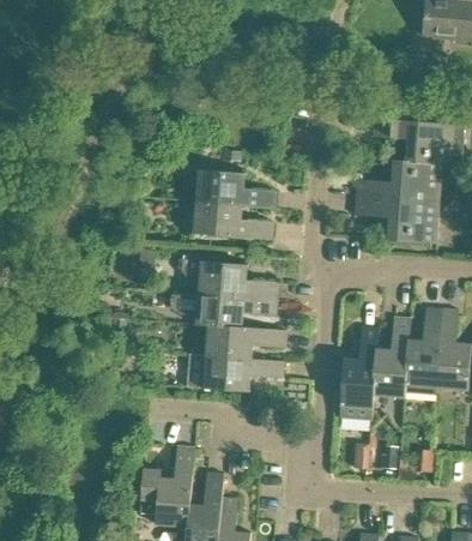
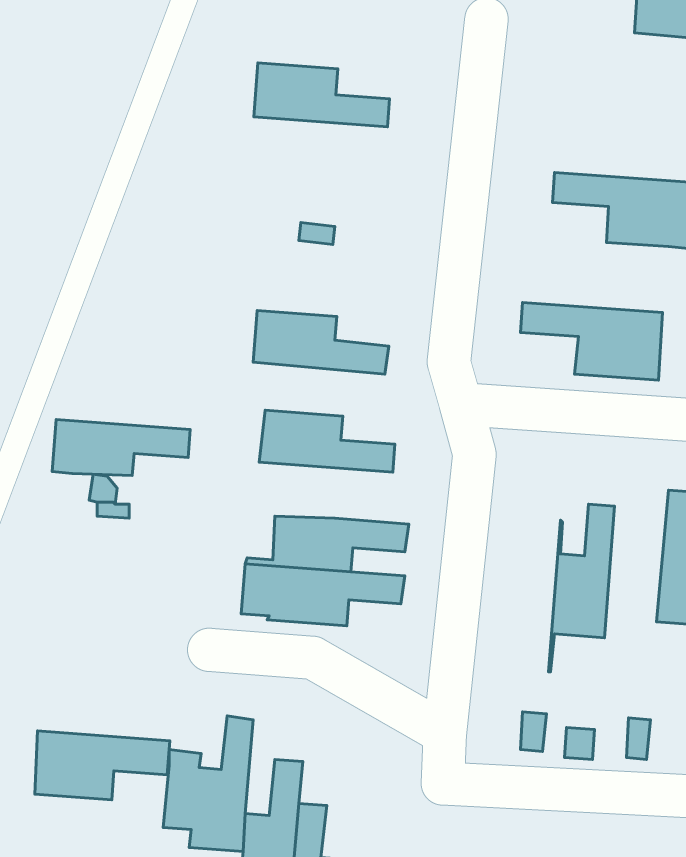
building: [355,160,442,203] -> none
building: [195,169,277,208] -> [254,63,390,127]
building: [194,293,277,326] -> [52,419,190,475]
building: [404,308,442,398] -> none
building: [339,326,377,419] -> none
building: none -> [35,731,170,800]

